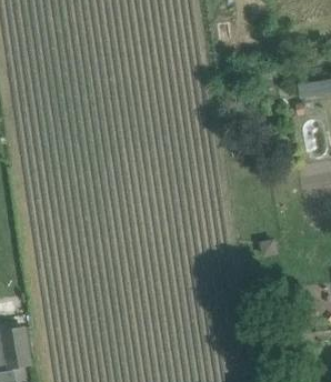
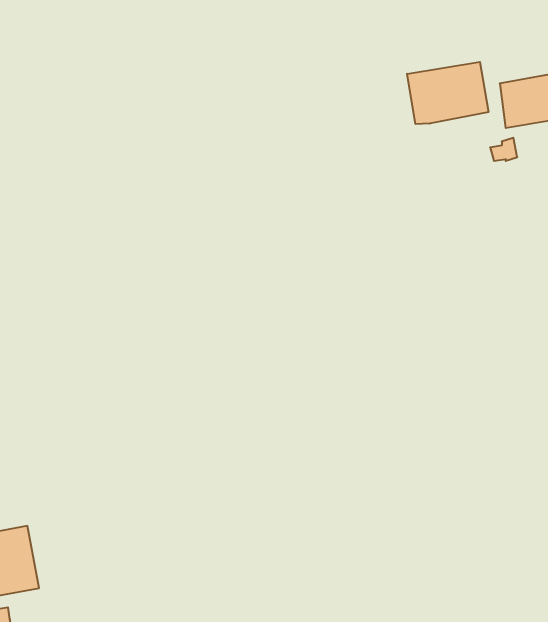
building: none -> [407,62,488,124]

